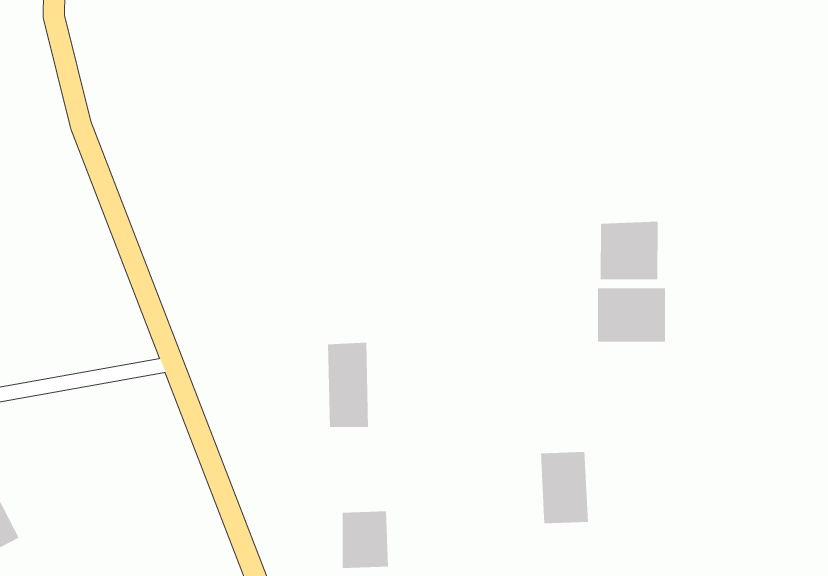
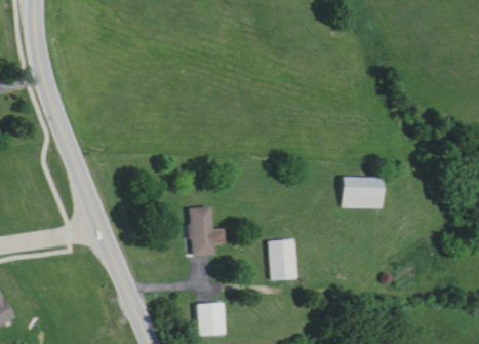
building: [600,221,658,280] -> none
building: [540,451,589,524] -> [269,239,296,280]

